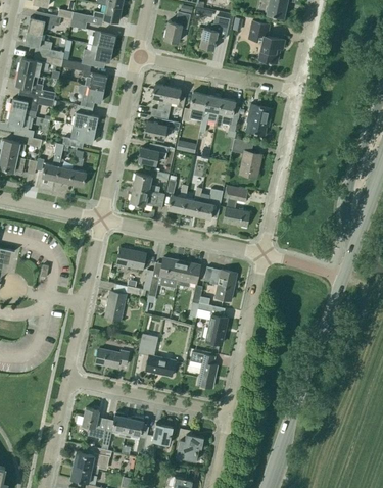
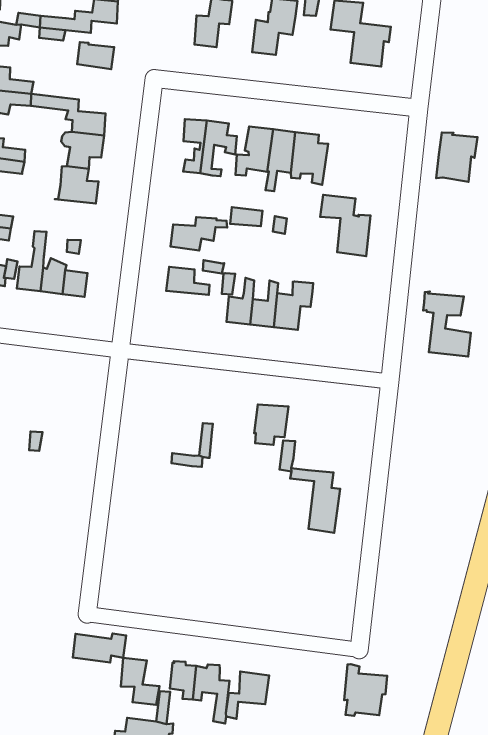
building: [81,44,112,67] -> none
building: [244,103,272,135] -> [436,132,478,182]
building: [144,117,180,139] -> none
building: [61,125,95,148] -> none
building: [222,185,249,227] -> [423,292,471,357]
building: [130,187,164,206] -> none
building: [116,248,145,269] -> none
building: [159,257,182,288] -> none
building: [203,266,236,300] -> none
building: [104,291,126,320] -> none
building: [138,333,175,376] -> none
building: [95,348,129,368] -> [73,634,126,662]
building: [189,352,217,388] -> none
building: [176,428,203,460] -> [344,664,387,716]

